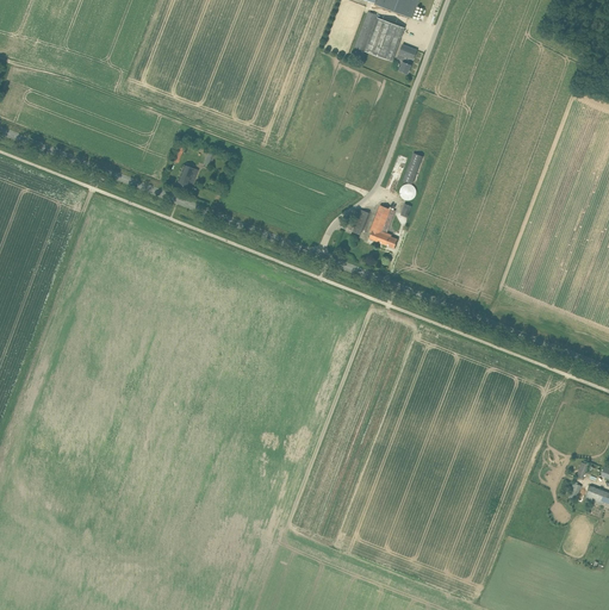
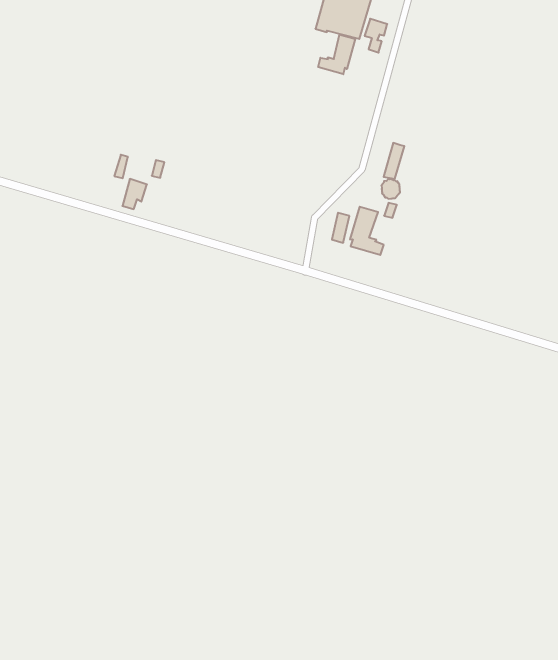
building: none -> [318,35,355,74]

